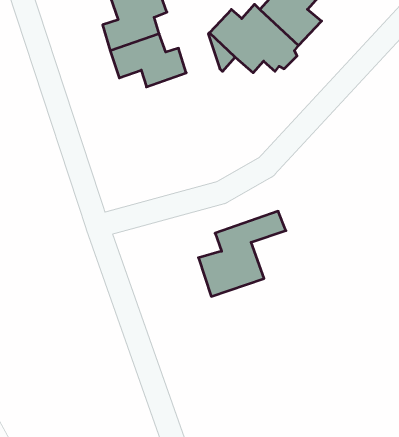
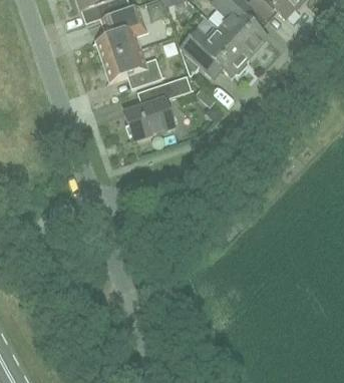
building: [198,211,286,296] -> [123,75,192,141]

